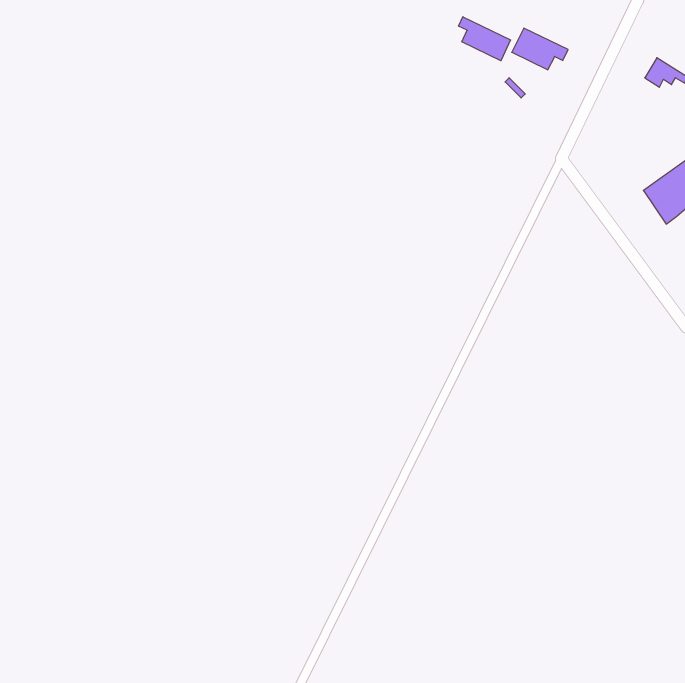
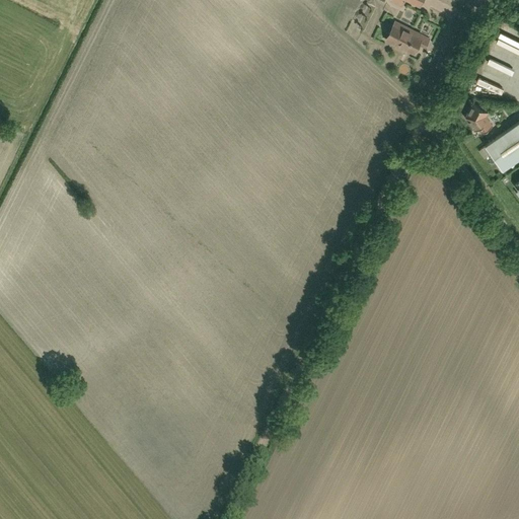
building: [459,17,511,61] -> none
building: none -> [466,105,494,134]

